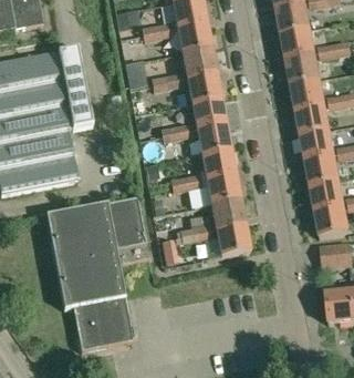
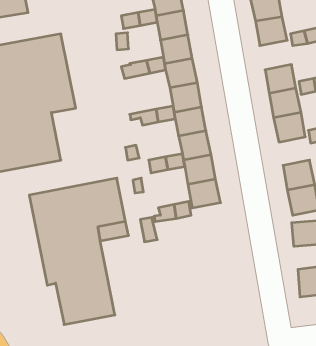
building: [285,53,319,84] -> none
building: [305,154,337,184] -> none
building: [215,223,249,255] -> none

